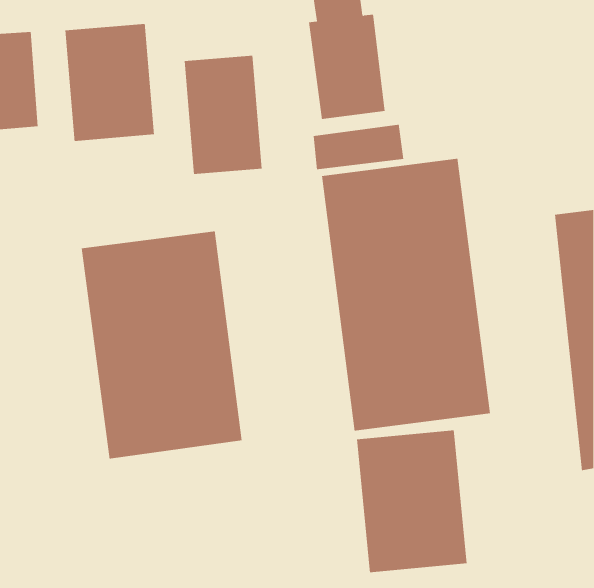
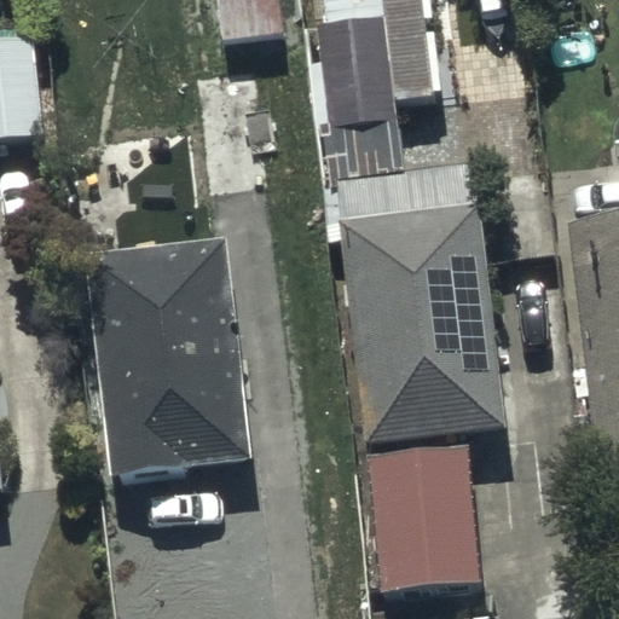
building: [65,23,154,142] -> none

